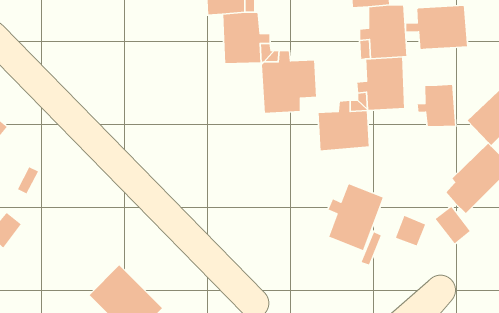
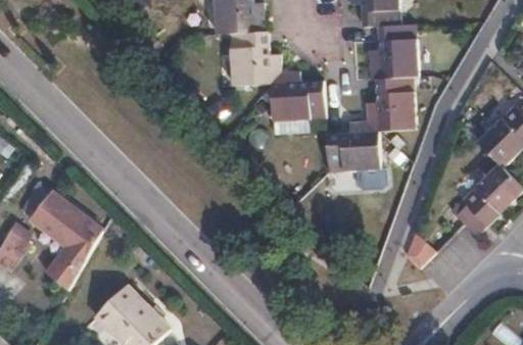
building: [406,5,468,50] -> none
building: [417,84,456,127] -> none
building: none -> [33,195,101,292]
building: [327,184,384,251] -> none

